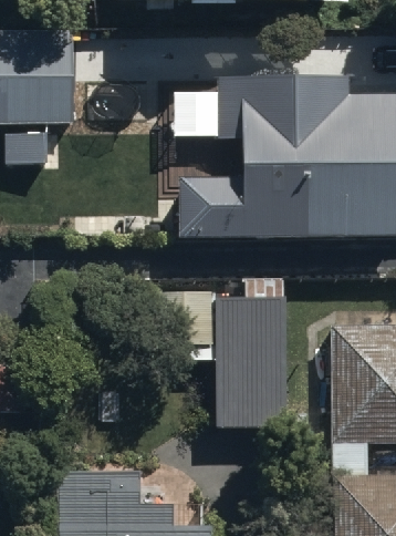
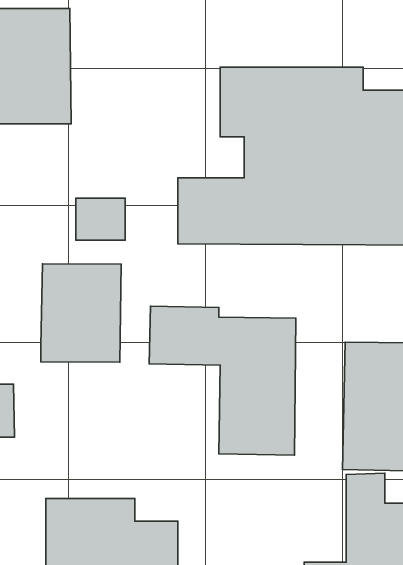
building: none -> [41,264,121,362]

